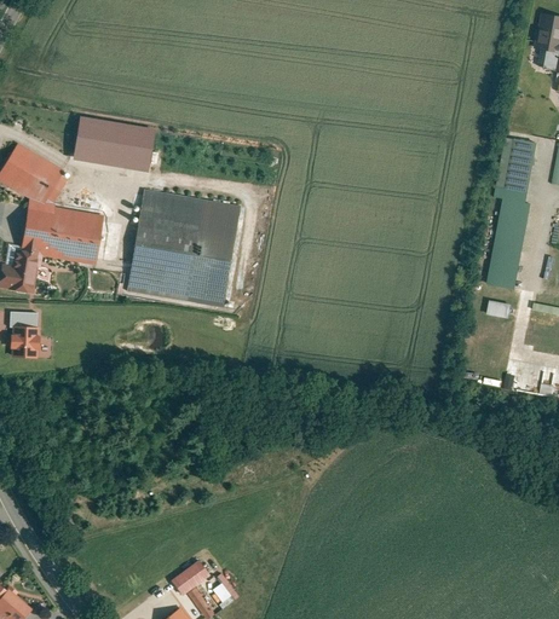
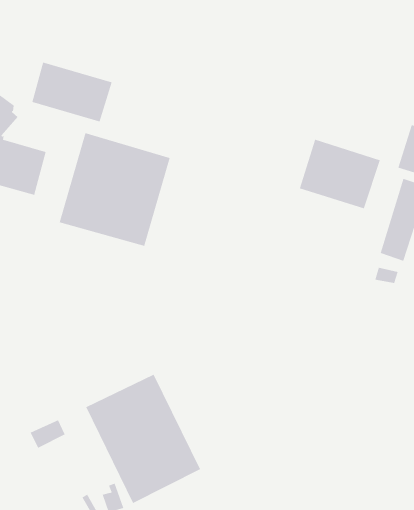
building: none -> [299,139,380,209]
building: none -> [85,374,201,504]
building: [166,560,206,595] -> [30,419,66,449]

